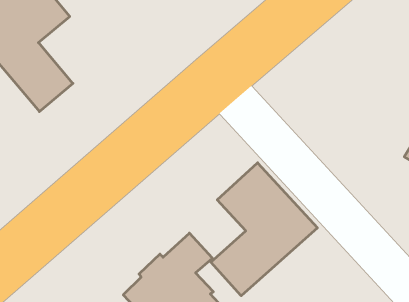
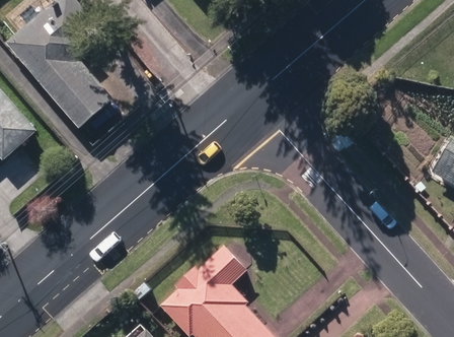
building: [211,163,317,296] -> none

